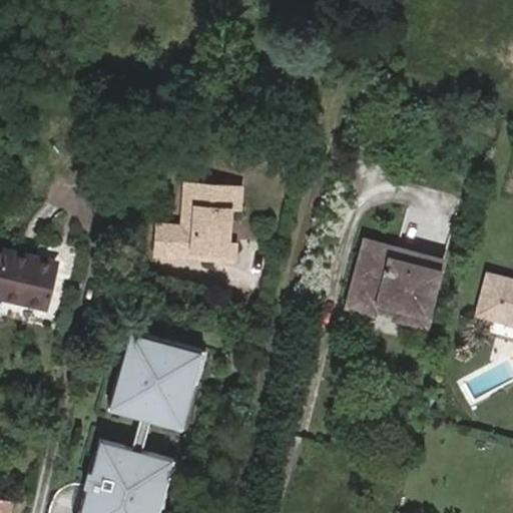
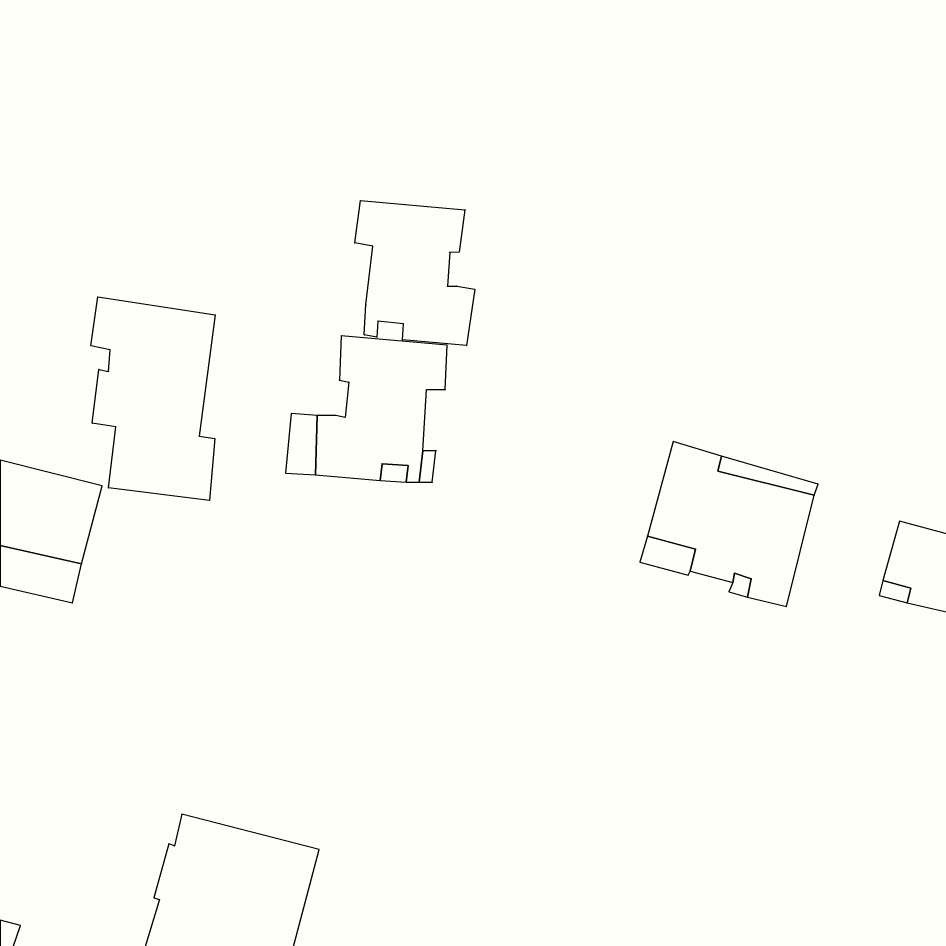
building: none -> [355,201,475,346]
building: none -> [91,297,215,500]
building: [108,331,204,429] -> none

